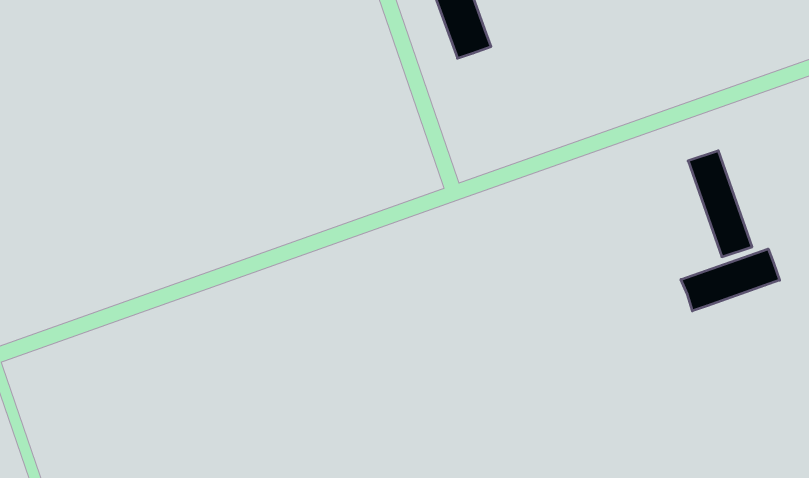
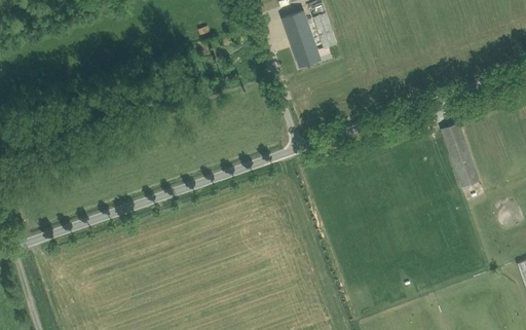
building: [681,249,780,311] -> none

